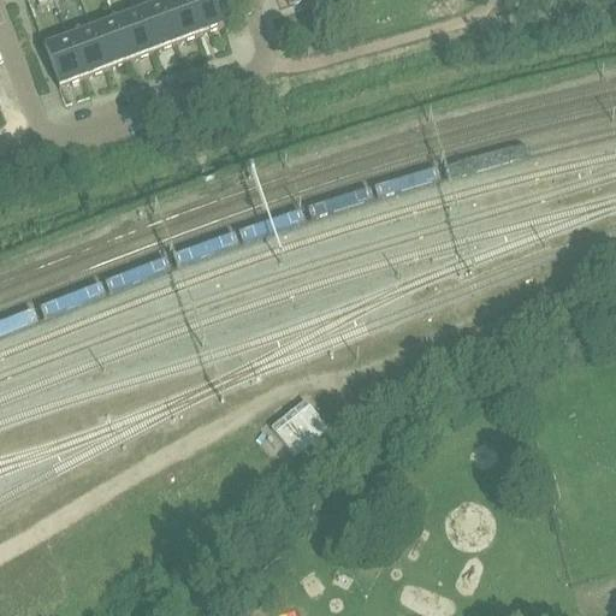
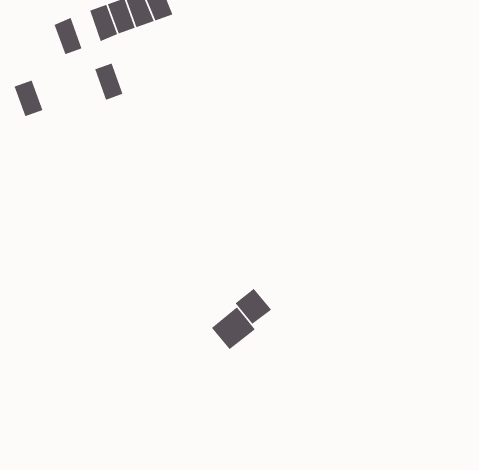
building: [91,13,129,63] -> [94,62,123,101]
building: [45,31,83,79] -> [13,80,43,117]
building: none -> [235,288,272,325]

